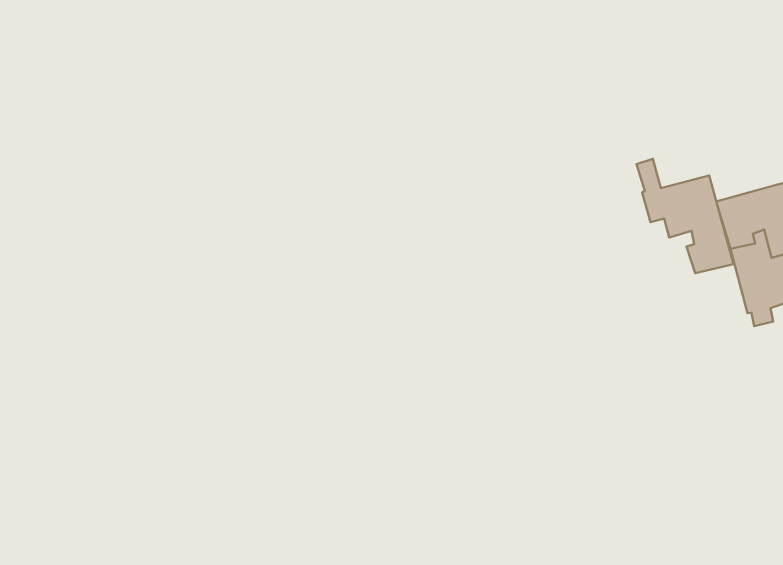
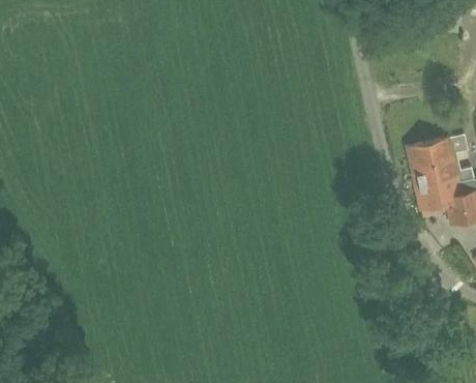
building: [636,159,733,273] -> none

